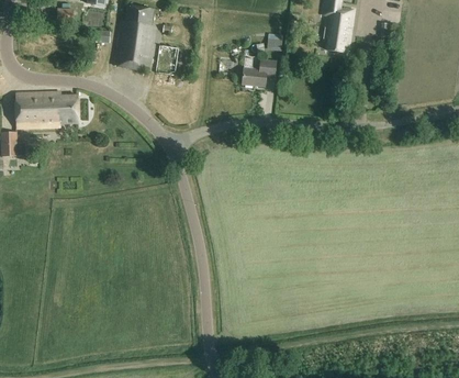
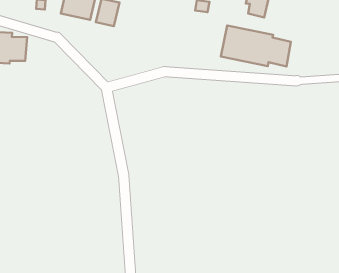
building: [242,58,277,85] -> none
building: none -> [221,25,291,66]

